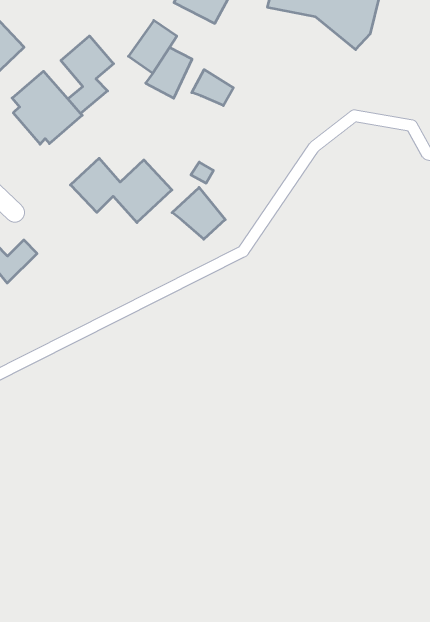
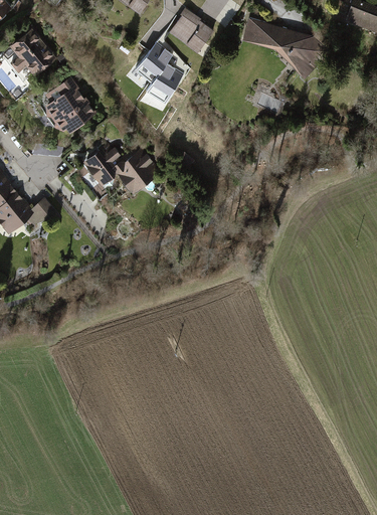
building: [61,36,114,113] -> none
building: [192,70,233,106] -> none
building: [172,187,225,239] -> none

